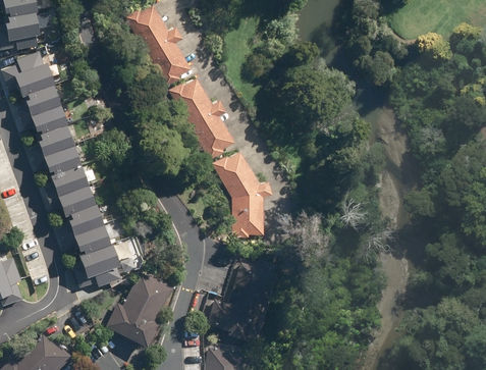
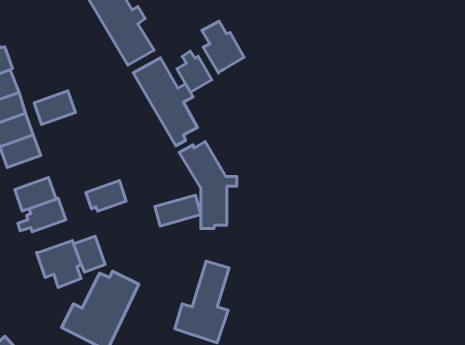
building: none -> [202,21,244,73]
building: none -> [177,51,212,92]
building: [52,165,91,197] -> [34,91,75,124]
building: none -> [155,195,201,226]
building: [75,225,113,254] -> [86,181,126,211]

